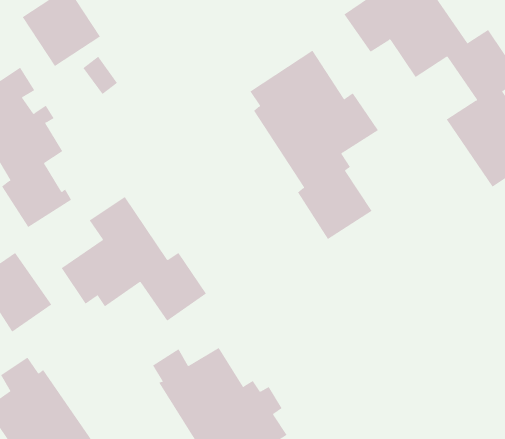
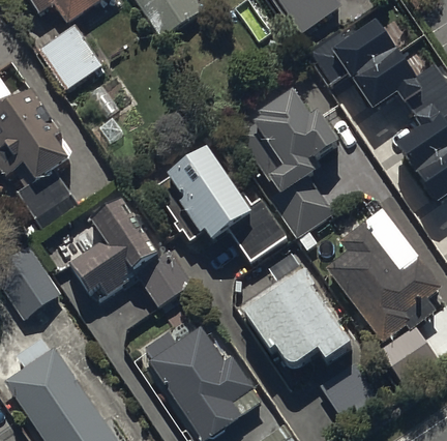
building: none -> [155,150,286,260]
building: none -> [325,208,442,377]
building: none -> [240,269,351,371]

